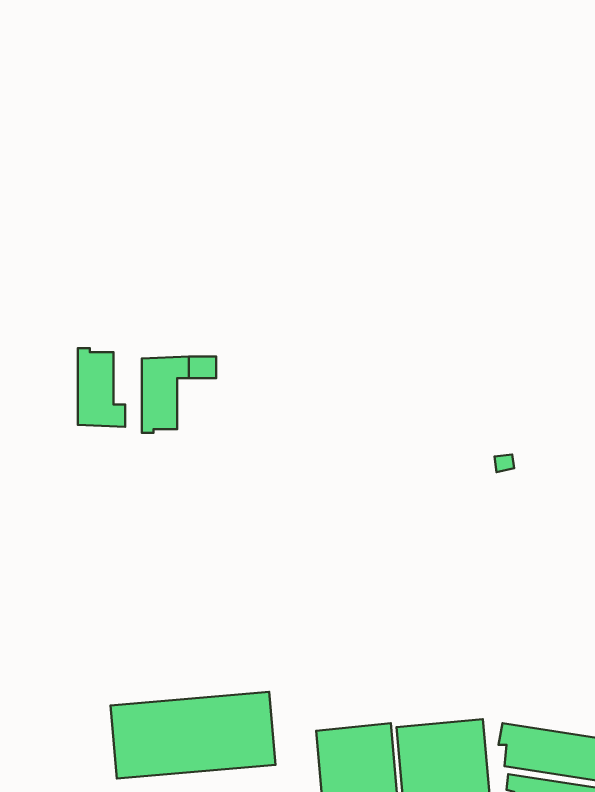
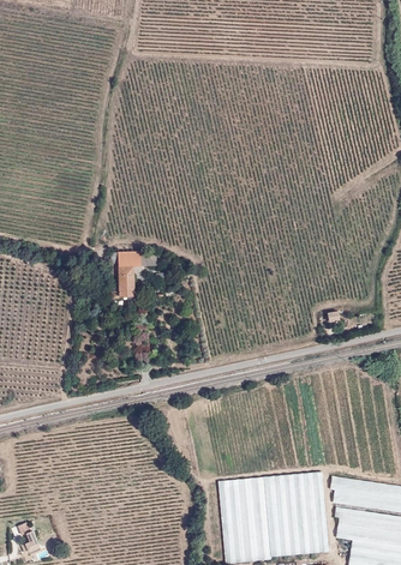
building: [78,348,125,427] -> none
building: [111,692,275,779] -> none

